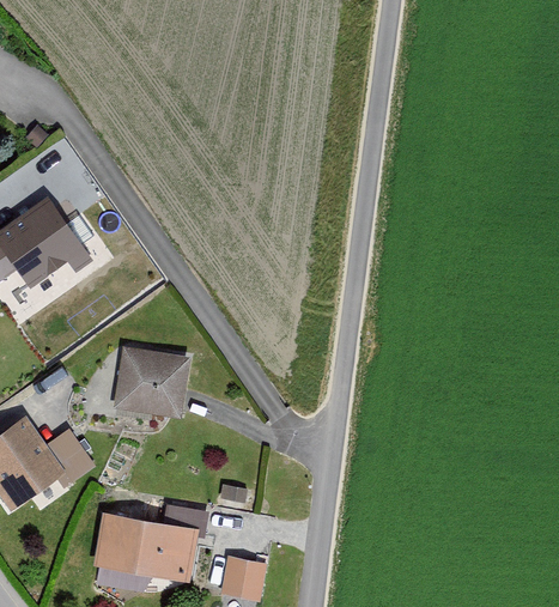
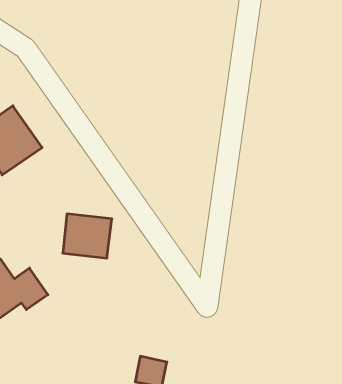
building: [93,514,196,579] -> none

